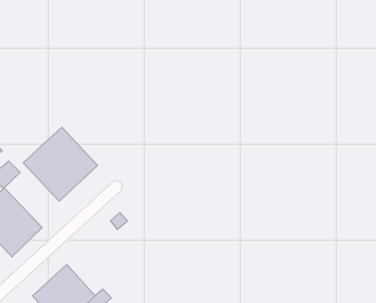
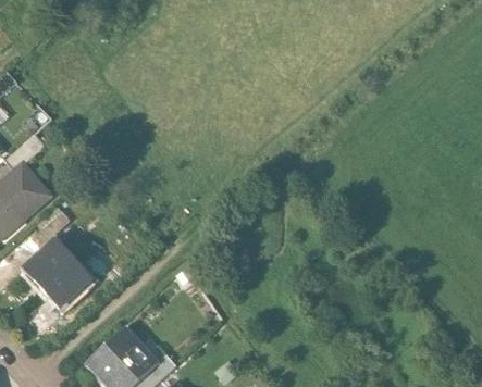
building: [23,127,97,201] -> none

